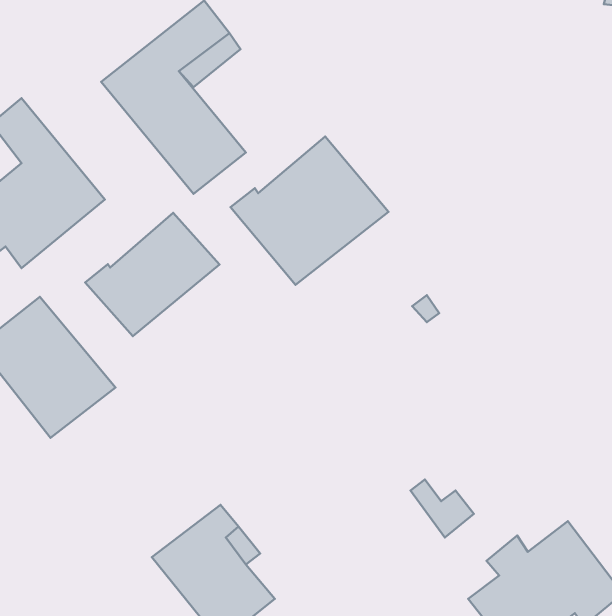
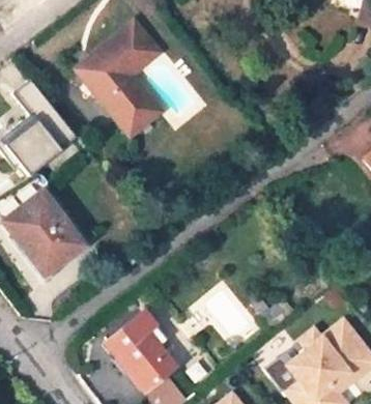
building: [231,137,388,285] -> none
building: [85,213,220,336] -> none

